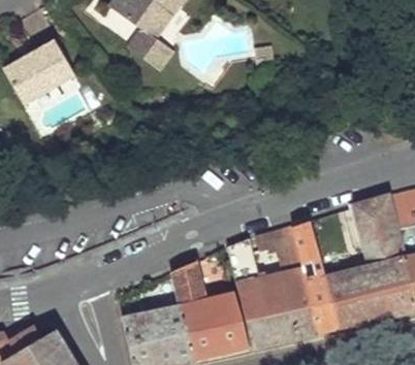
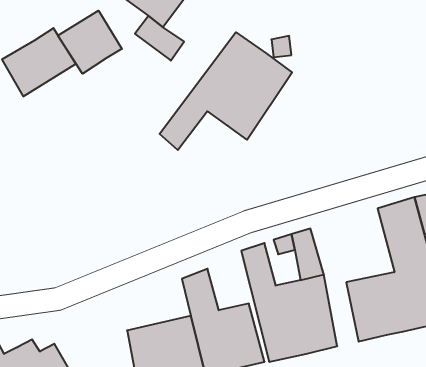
building: none -> [58,11,122,74]
building: none -> [160,32,292,150]
building: [291,219,336,332] -> none

